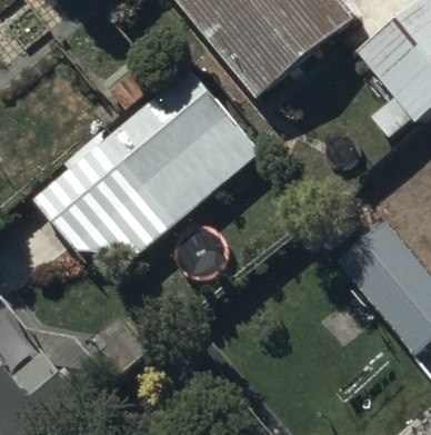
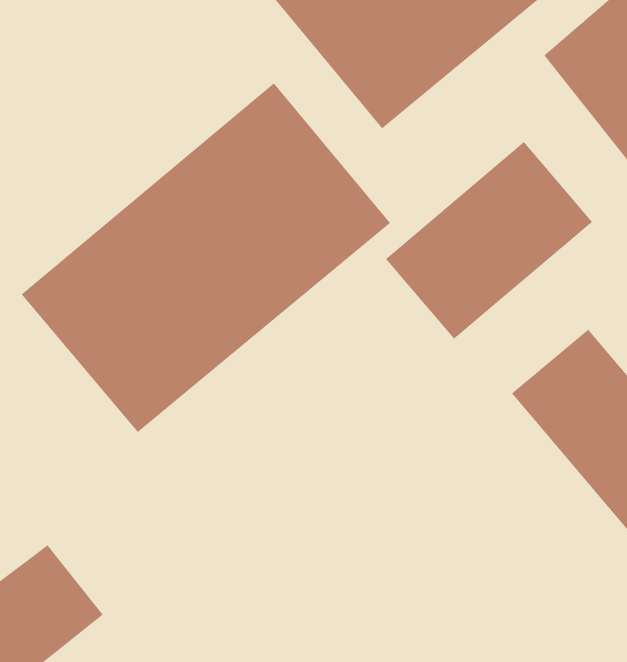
building: none -> [385,141,593,340]

